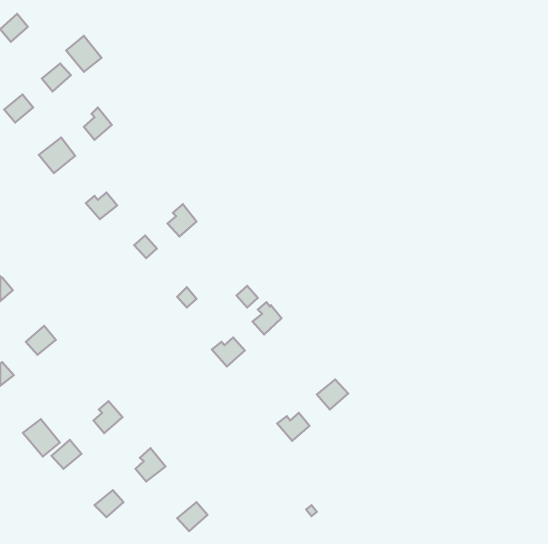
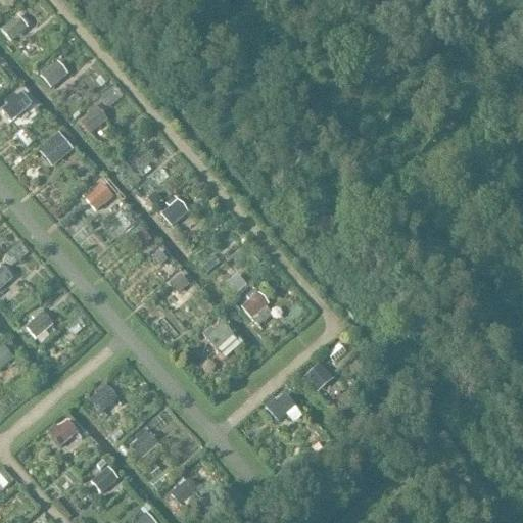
building: [66,36,101,72] -> none
building: [23,419,60,457] -> none

